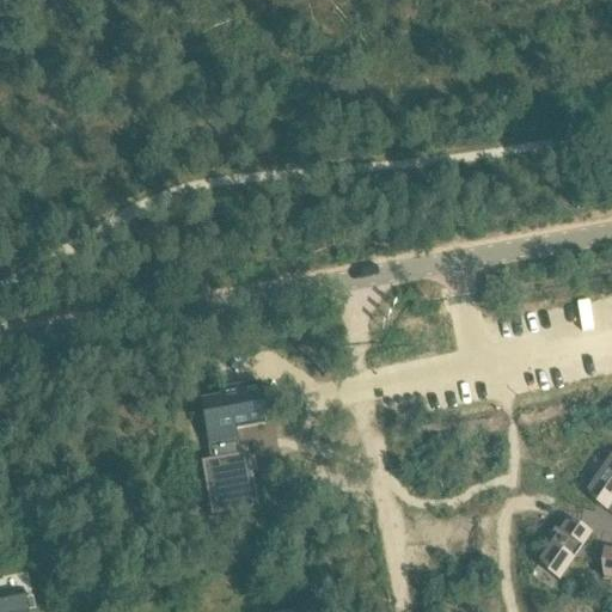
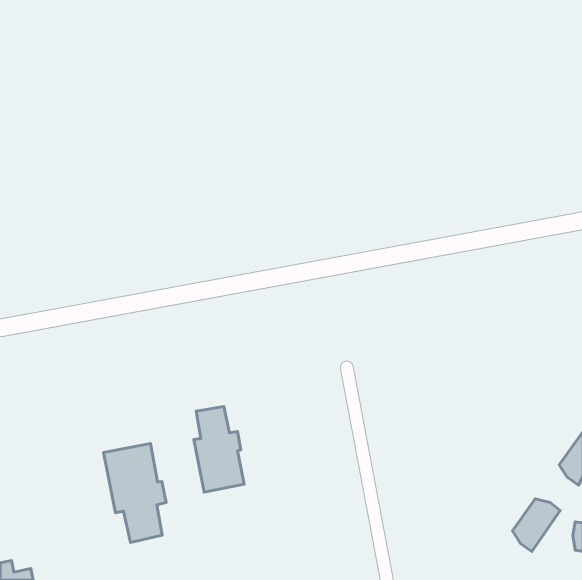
building: [201,381,268,430] -> none
building: none -> [104,443,166,542]

